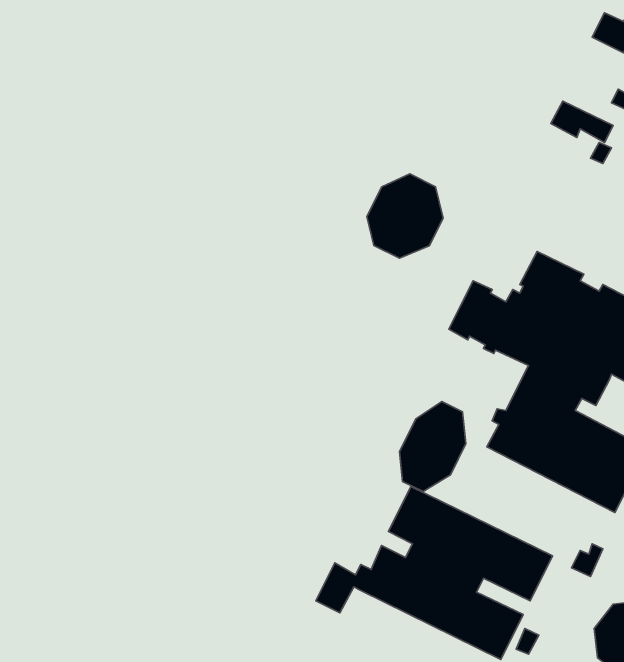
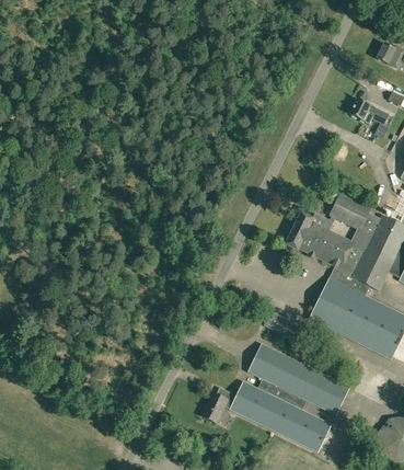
building: [367,174,443,258] -> none
building: [400,402,466,492] -> none

